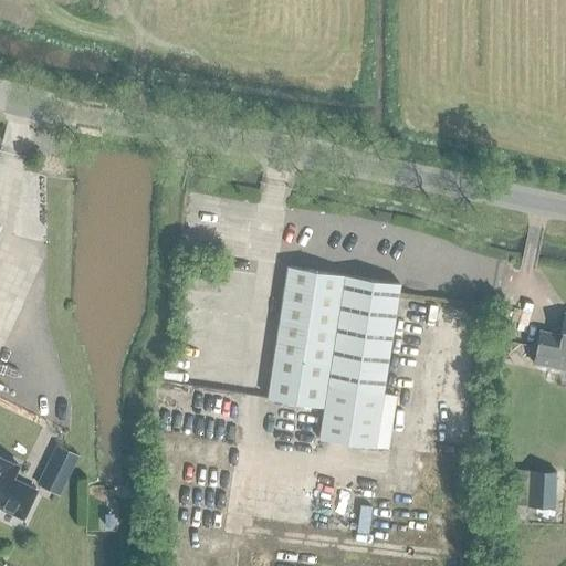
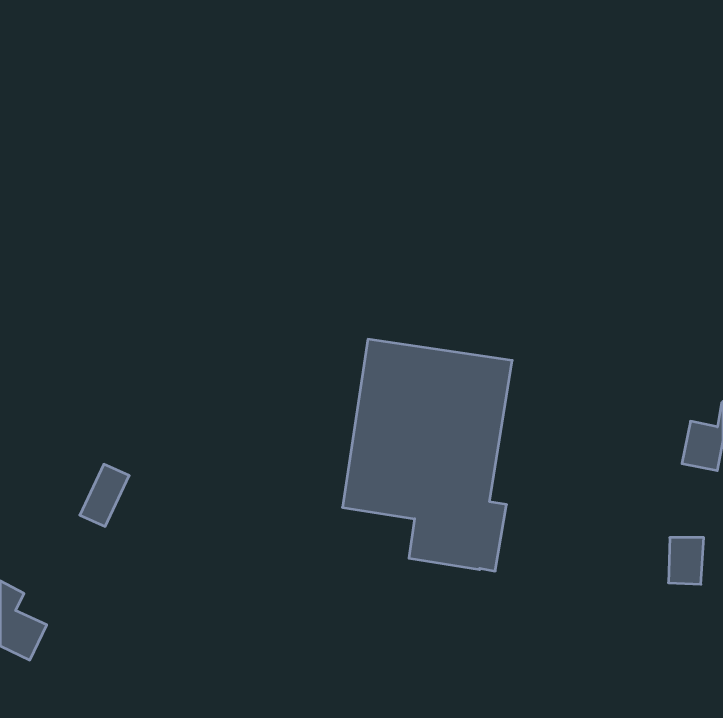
building: [38,449,76,497] -> [80,464,129,526]
building: [528,474,556,511] -> [668,538,704,584]

